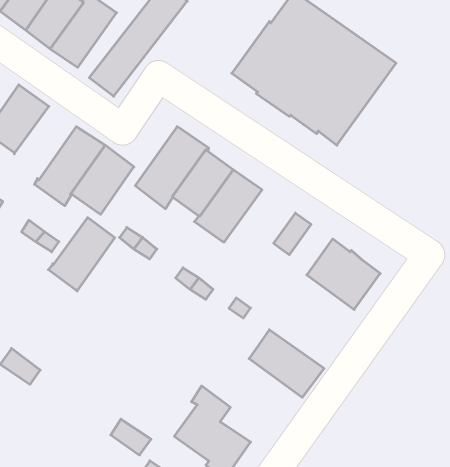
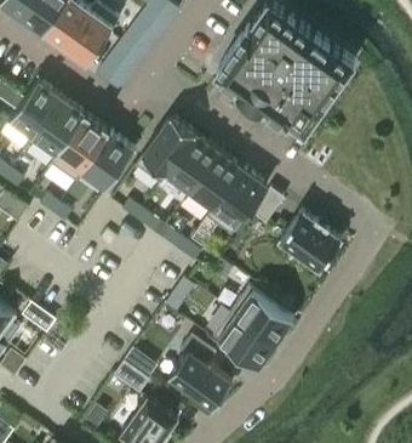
building: none -> [206,169,267,235]
building: [48,218,115,291] -> [30,98,86,160]
building: none -> [213,311,276,369]

